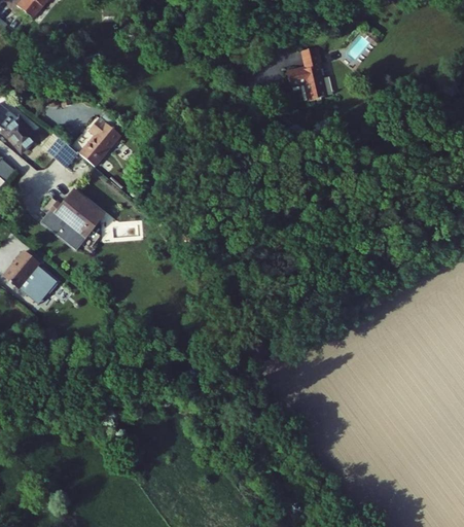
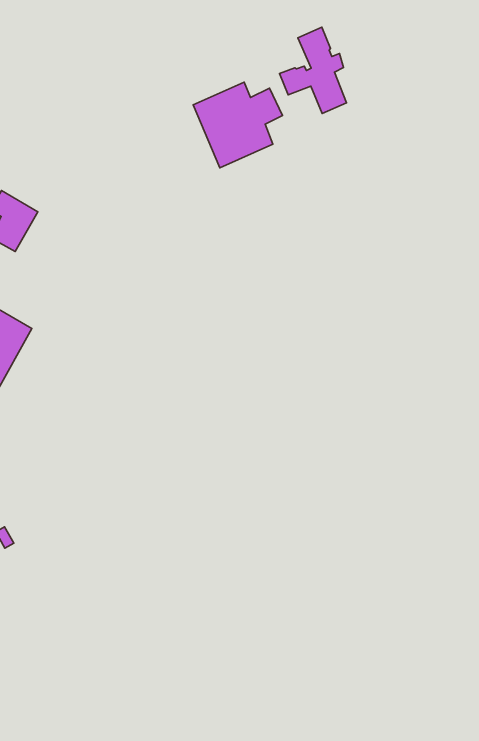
building: none -> [193,82,283,168]

